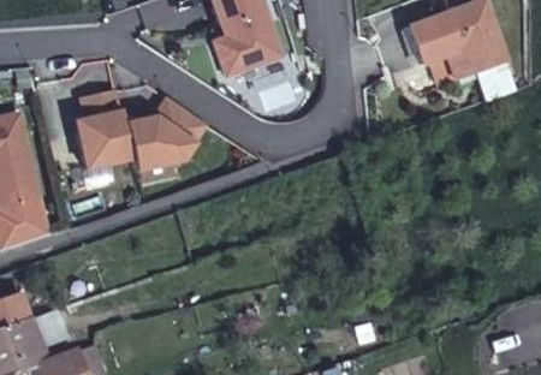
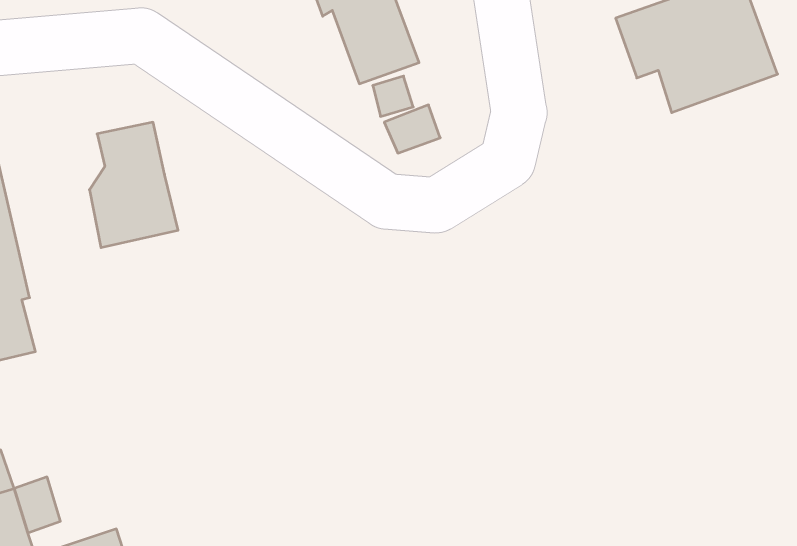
building: [124,95,208,171] -> none

